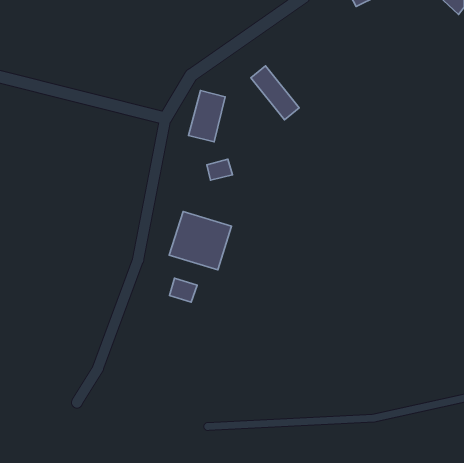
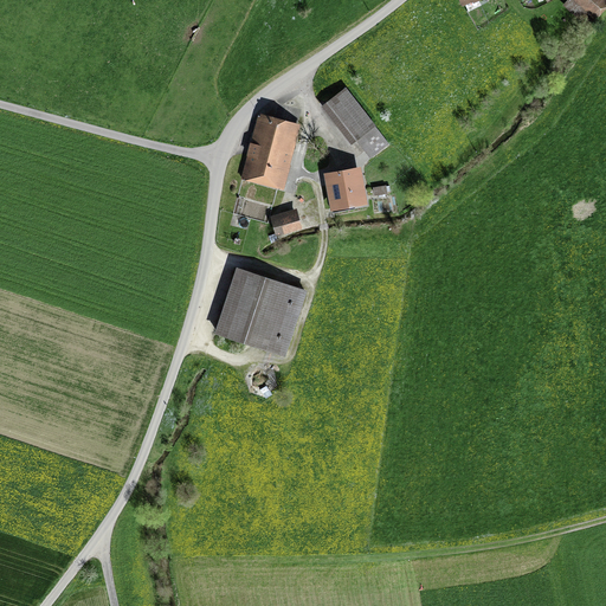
building: none -> [323,167,362,206]
building: [170,278,197,302] -> none

